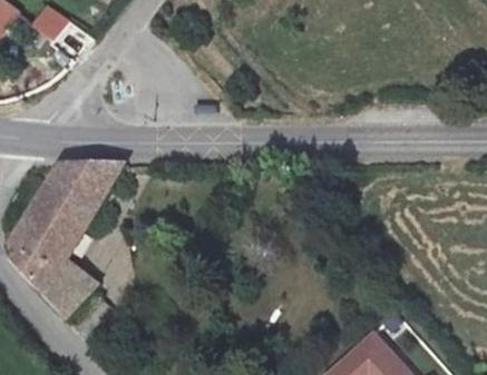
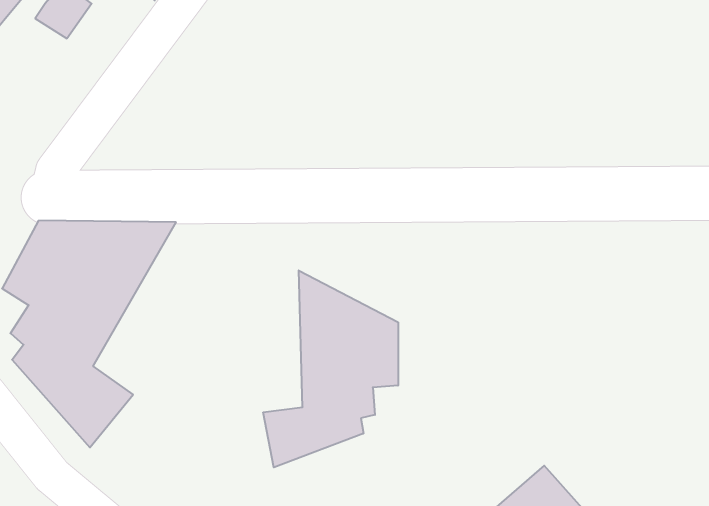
building: none -> [263,270,398,467]

